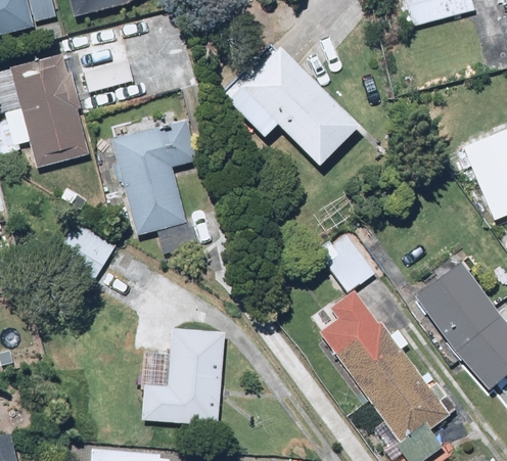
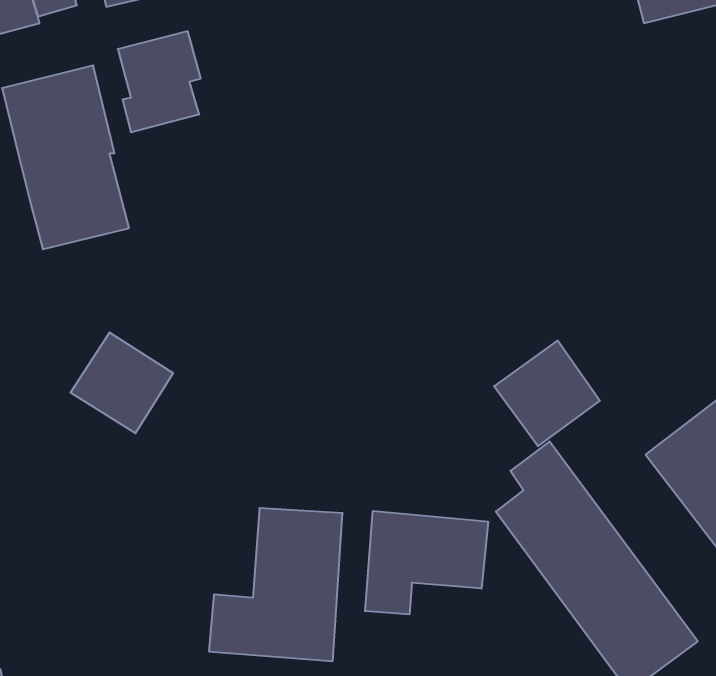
building: [219,40,358,168] -> none
building: [112,120,196,233] -> none
building: none -> [365,511,488,614]

